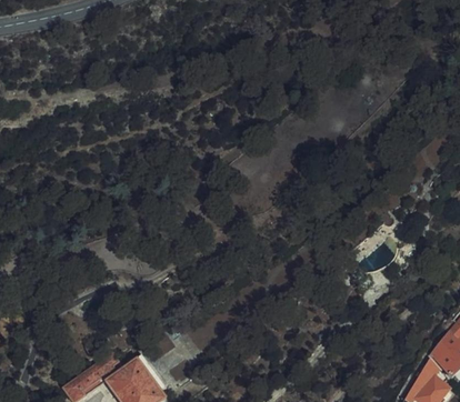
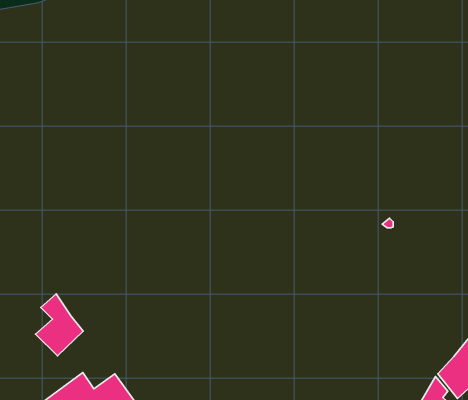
building: none -> [36,294,83,356]

